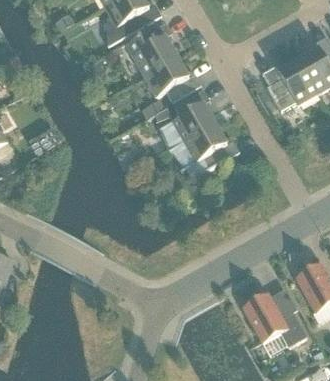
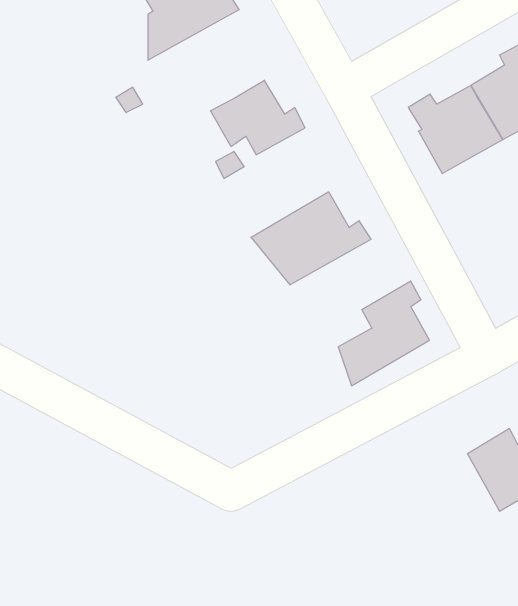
building: [126,21,176,74] -> none
building: [160,87,214,149] -> [338,281,429,386]
building: [243,292,306,345] -> none

